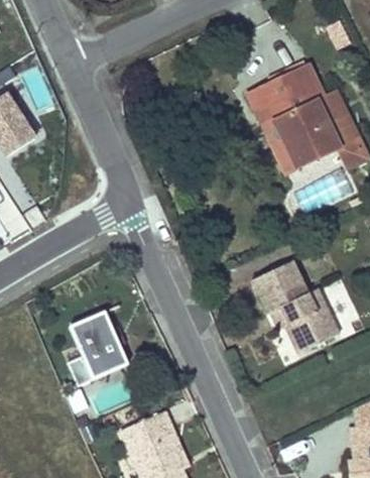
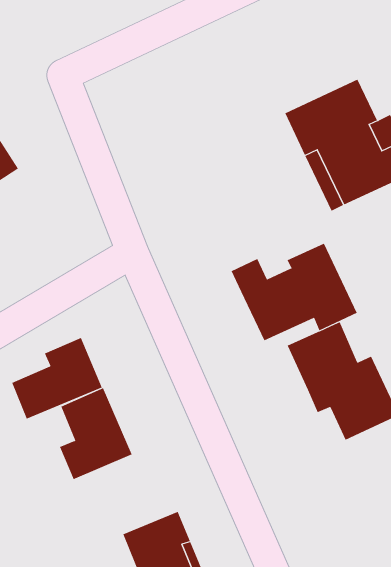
building: none -> [231,243,357,341]
building: none -> [12,337,103,420]

